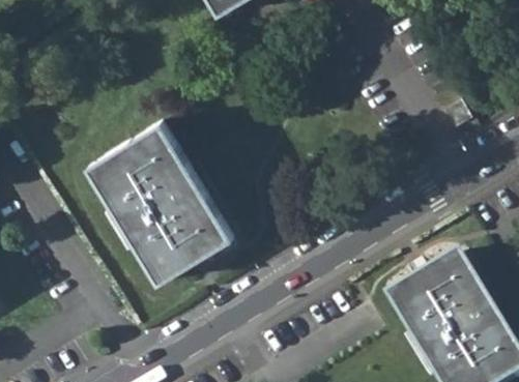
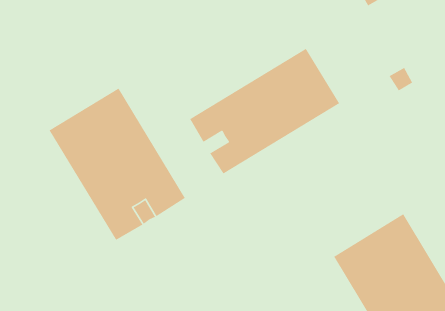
building: none -> [189,48,340,175]

